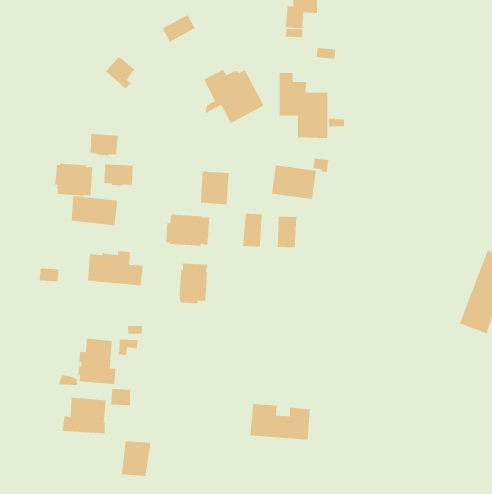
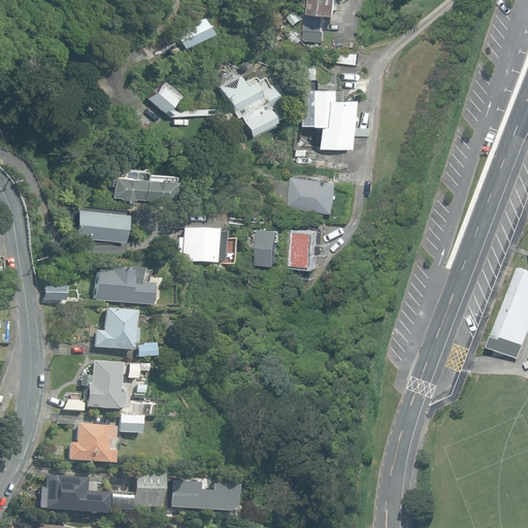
building: [105,56,135,89] -> [148,79,180,114]
building: [90,134,119,156] -> [144,176,175,200]
building: [55,163,93,196] -> none
building: [200,171,229,205] -> none
building: [179,263,207,304] -> none
building: none -> [96,308,138,350]
building: [250,403,311,440] -> [170,478,235,518]
building: none -> [40,474,110,514]

